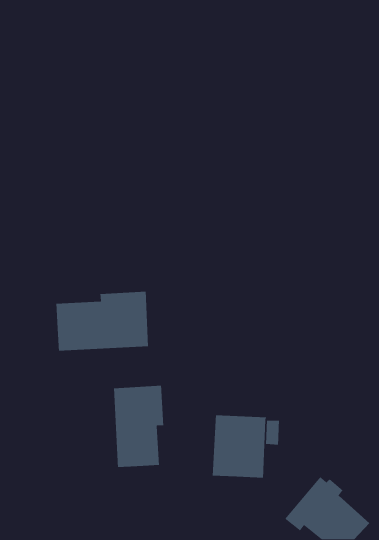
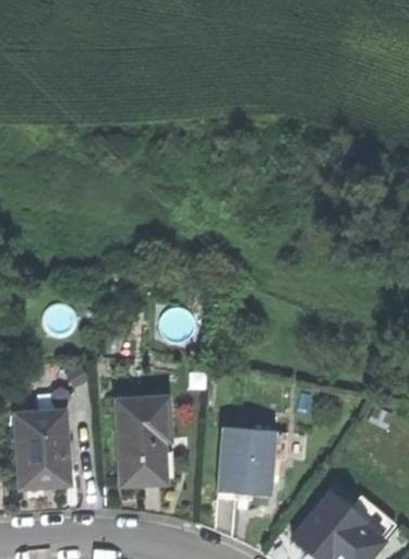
building: [55,291,149,352] -> none
building: none -> [16,411,69,487]

